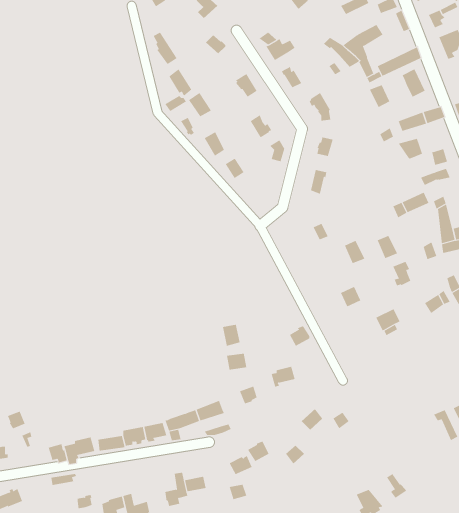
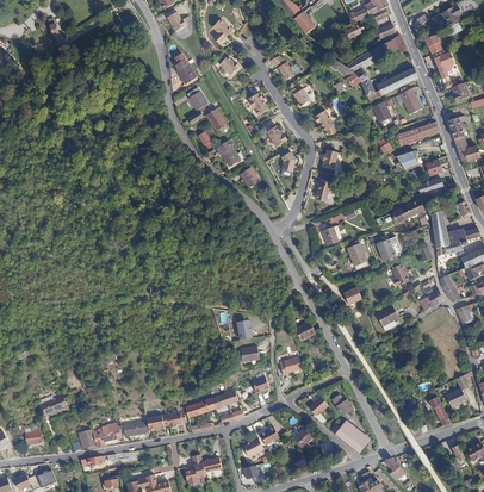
building: none -> [334,418,370,451]

